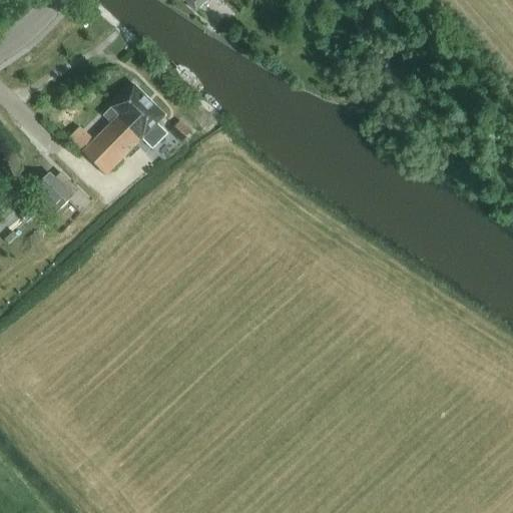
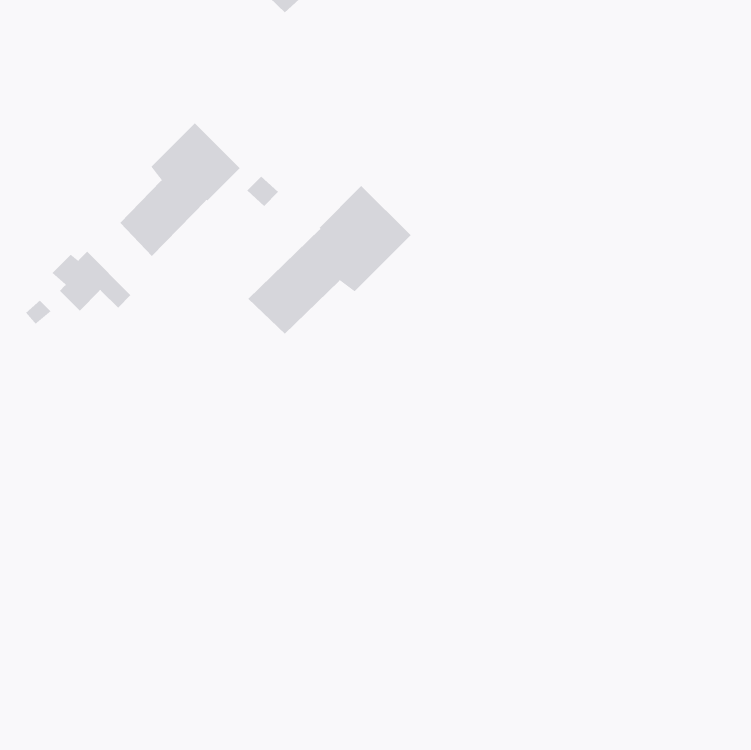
building: none -> [248,185,411,334]

